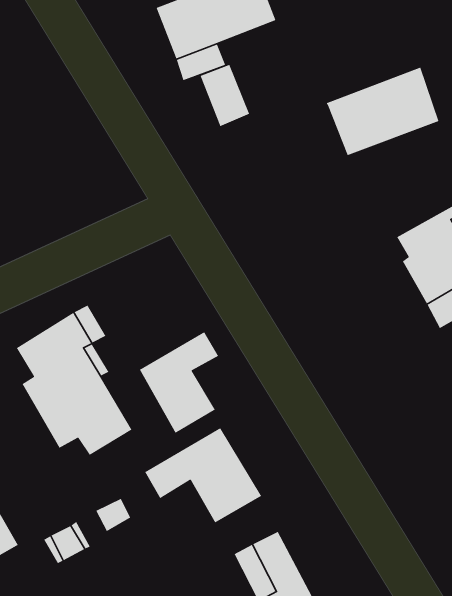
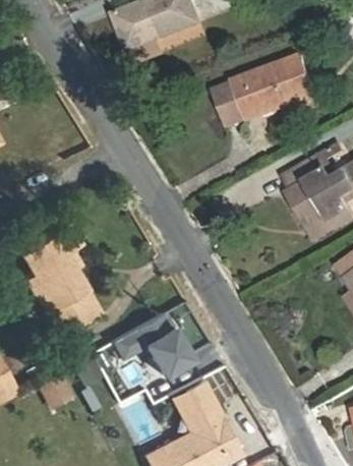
building: [200,64,250,127] -> [215,80,250,125]
building: [139,331,219,434] -> none

